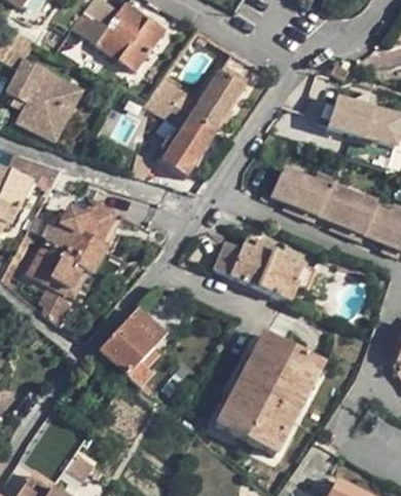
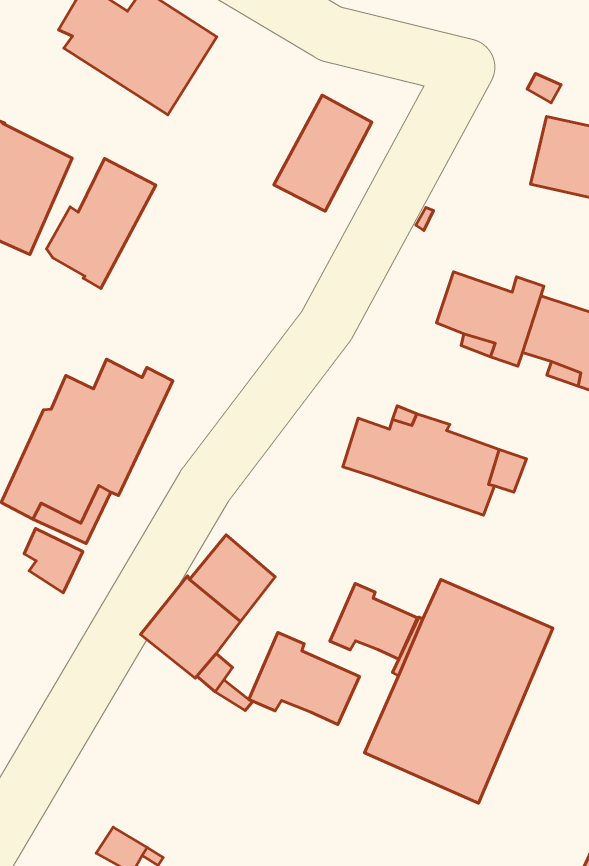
building: [154,113,216,183] -> [47,159,156,288]
building: none -> [330,583,417,659]
building: none -> [249,632,360,725]

